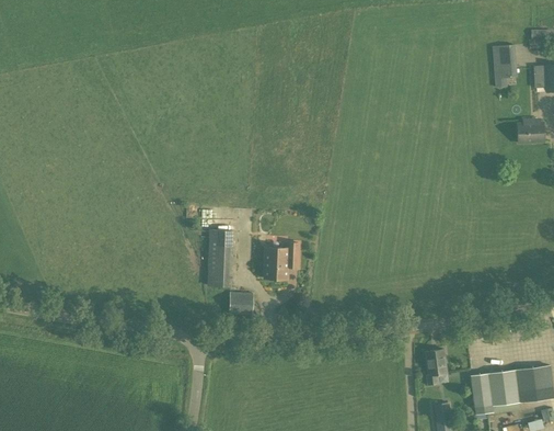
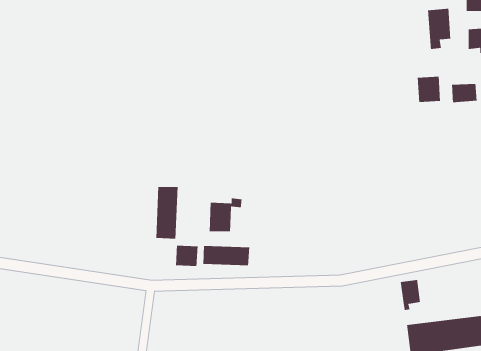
building: none -> [417,76,441,103]
building: none -> [203,245,250,266]
building: [426,349,448,382] -> [400,279,421,311]

